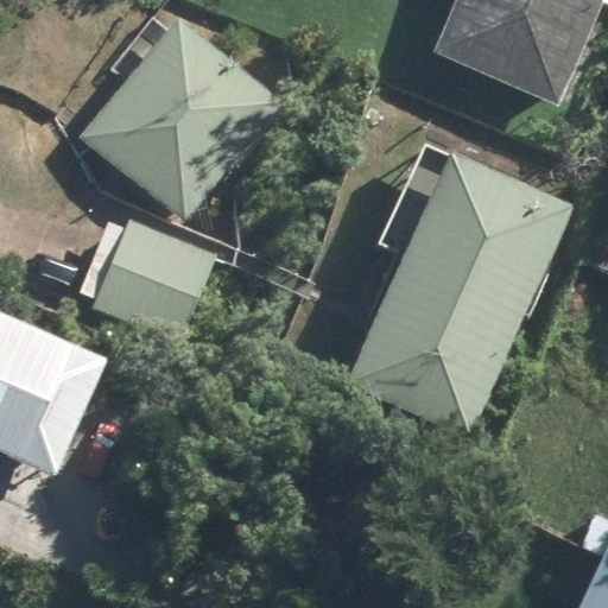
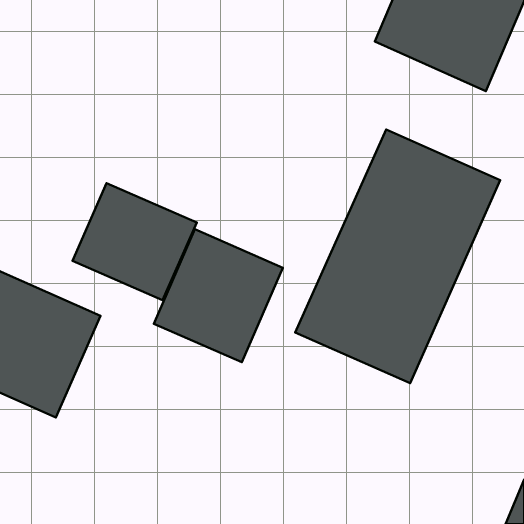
building: [75,15,278,221] -> none
building: none -> [154,229,283,362]

